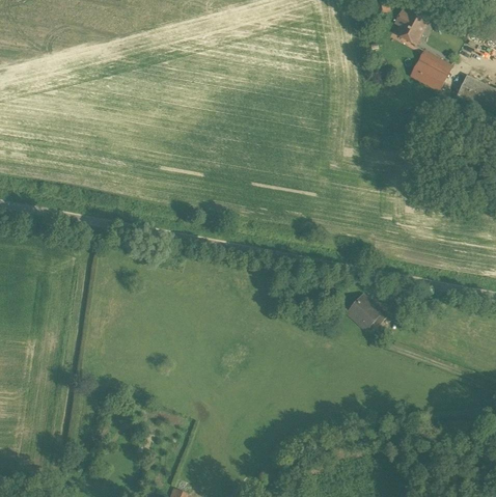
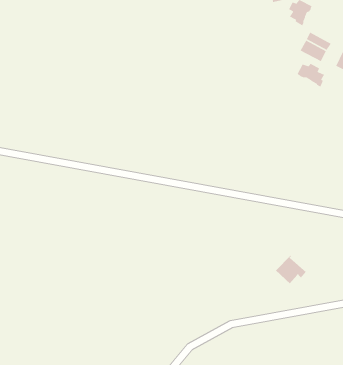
building: none -> [296,63,325,88]
building: [347,292,387,329] -> [275,255,307,284]

